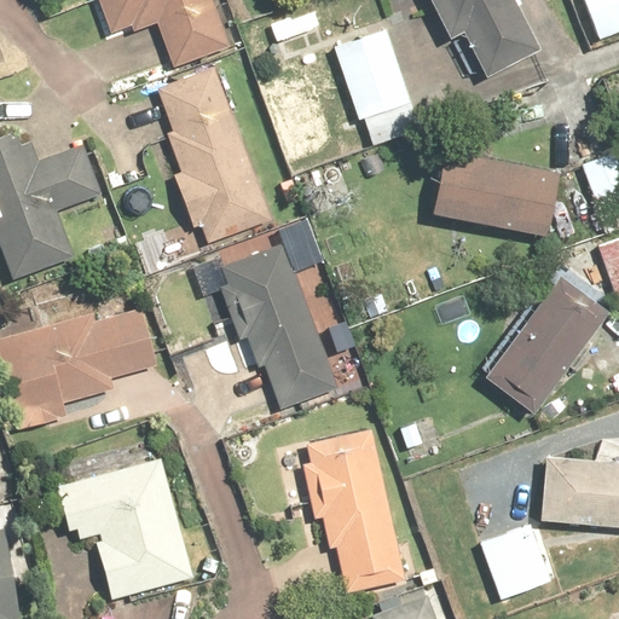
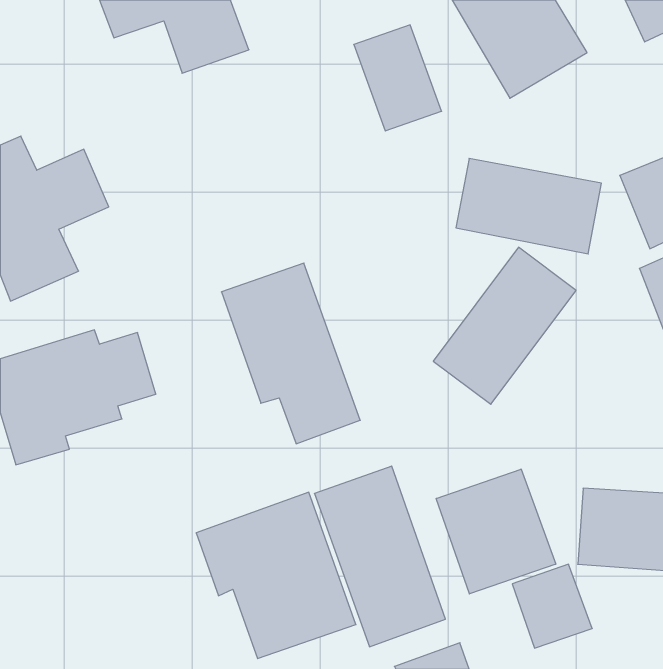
building: [155,65,270,242] -> none
building: [478,270,609,415] -> [433,247,576,404]
building: none -> [436,469,556,594]
building: [56,449,203,602] -> [196,492,356,659]

